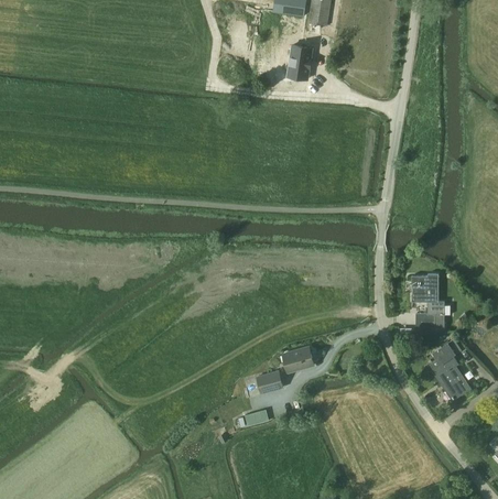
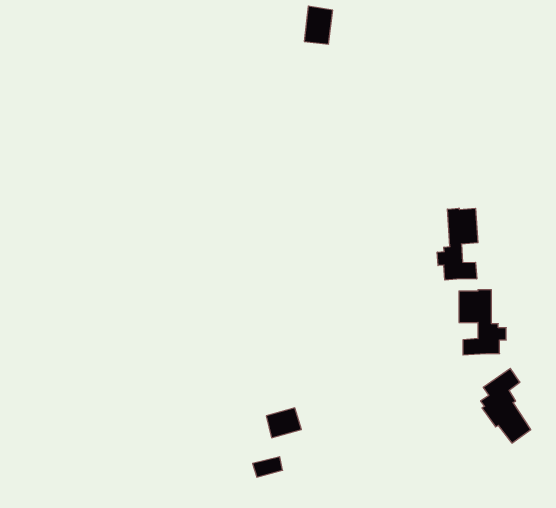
building: none -> [437,208,478,280]
building: [281,347,313,372] -> none

